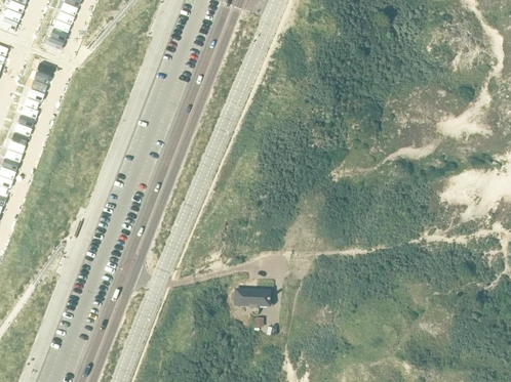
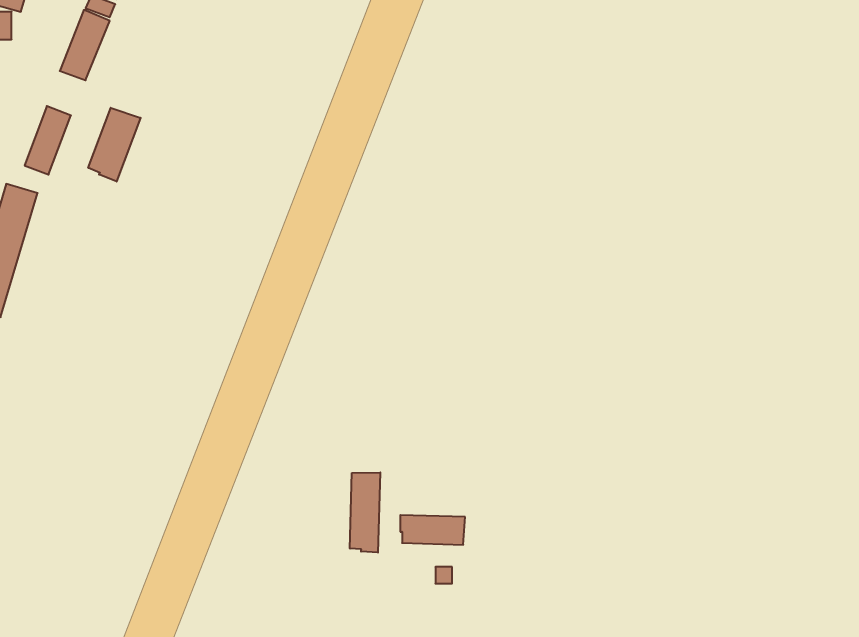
building: none -> [88,108,141,182]
building: none -> [350,472,380,553]

